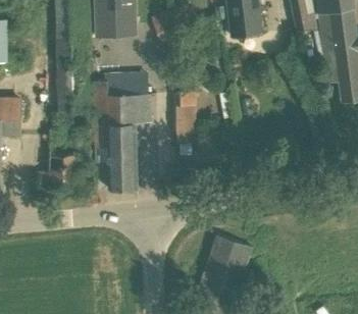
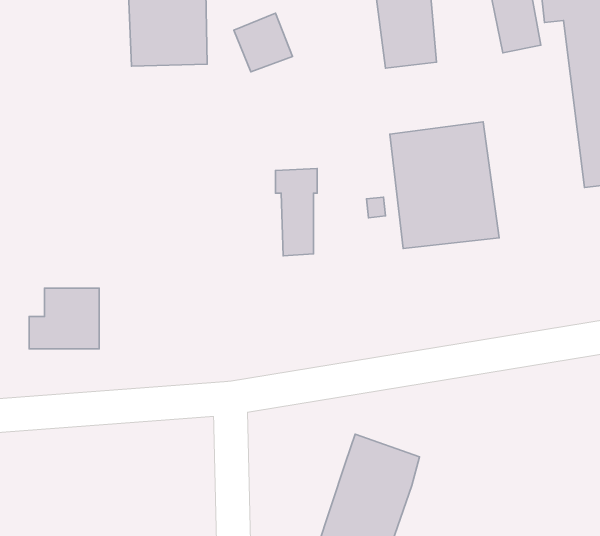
building: none -> [390,122,499,248]
building: [93,71,150,190] -> none

